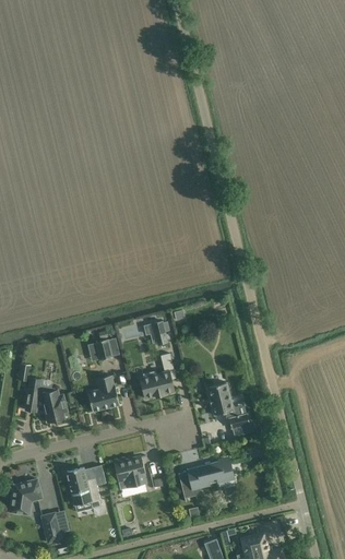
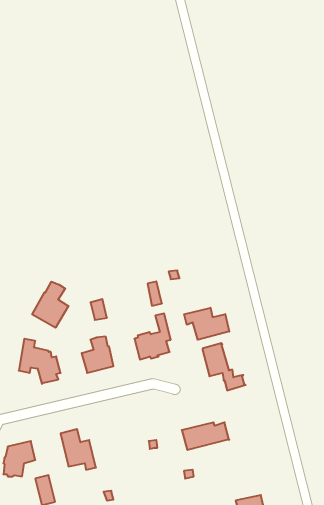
building: none -> [32,282,69,328]
building: none -> [184,308,229,340]
building: [114,457,147,489] -> none

